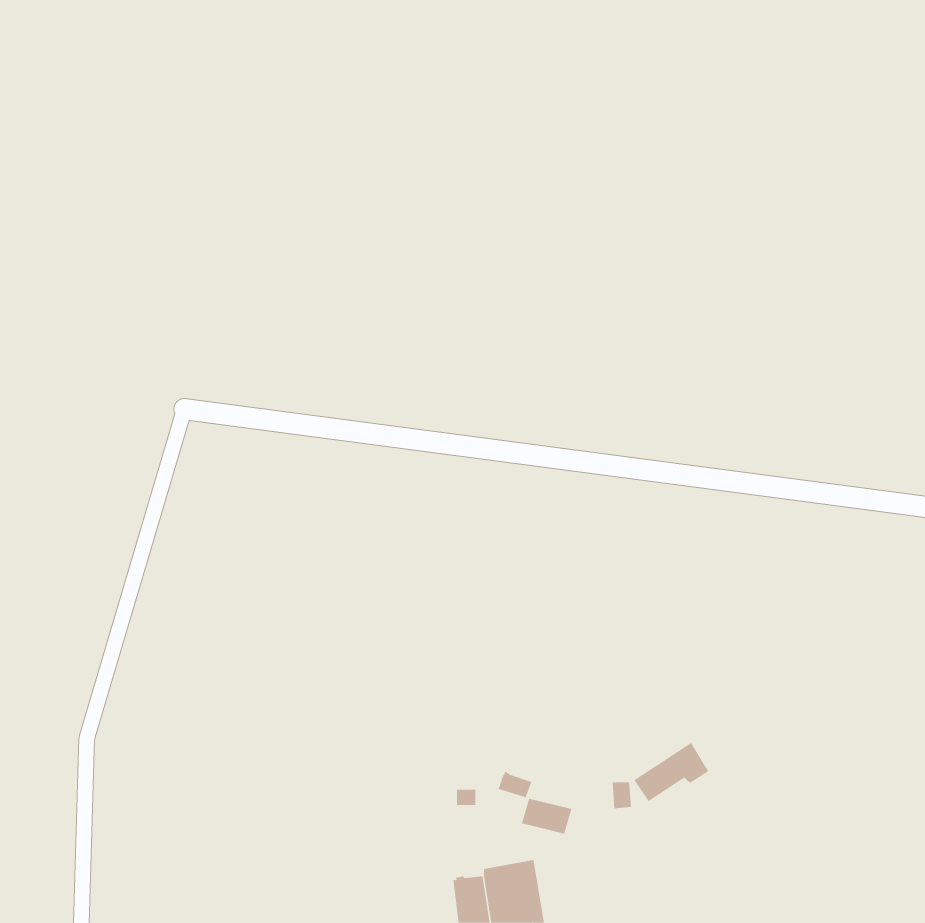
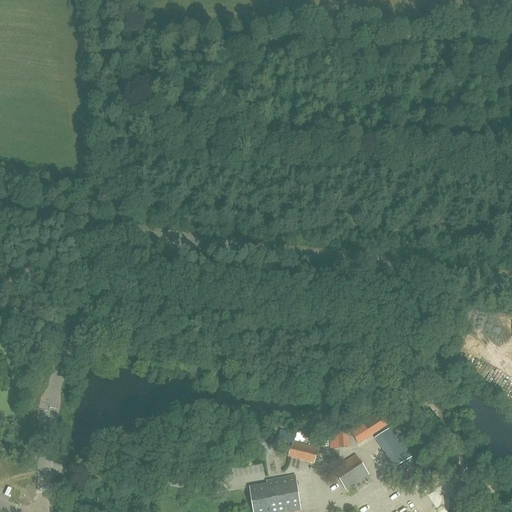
building: none -> [375,426,412,468]
building: none -> [333,455,367,488]

